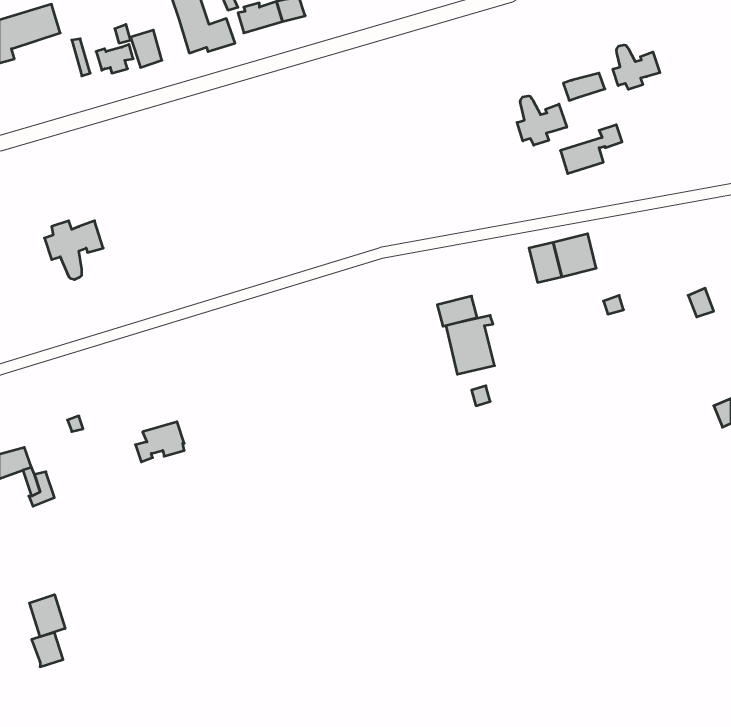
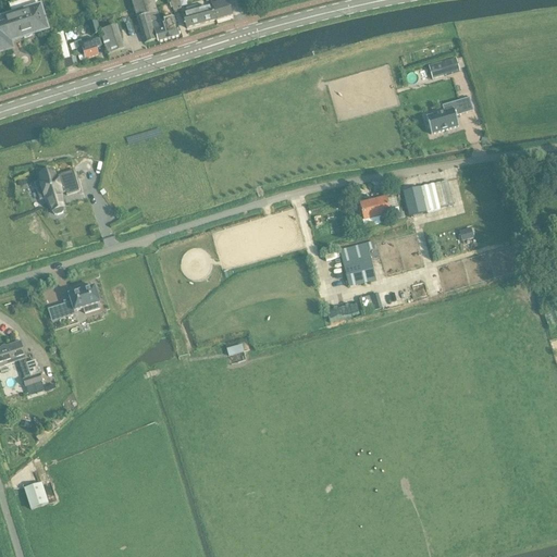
building: [613,45,660,89] -> none
building: [517,96,567,145] -> none
building: [437,296,477,326] -> [359,194,389,216]
building: [135,422,184,462] -> [62,284,99,314]
building: [29,595,65,637] -> none

